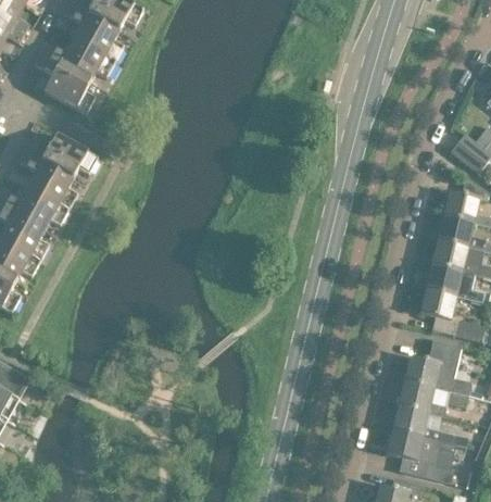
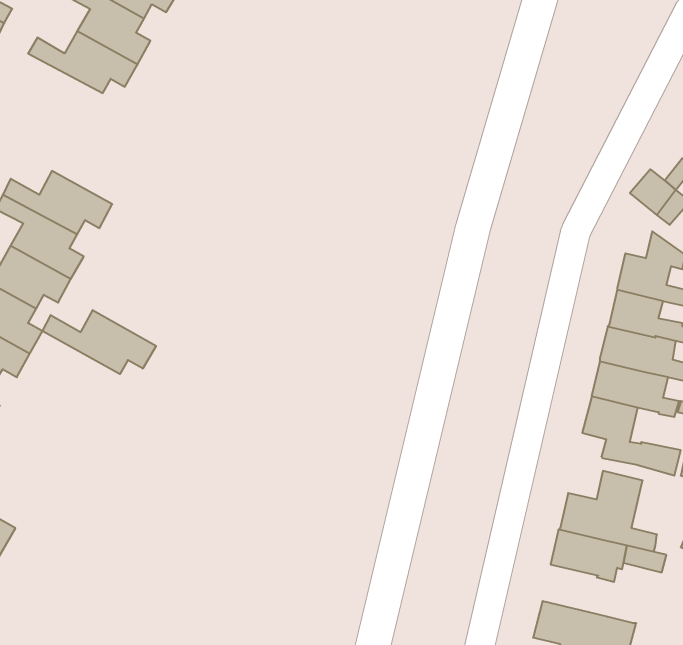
building: [34,54,95,114] -> none
building: none -> [42,310,156,374]
building: [391,404,467,447] -> none

